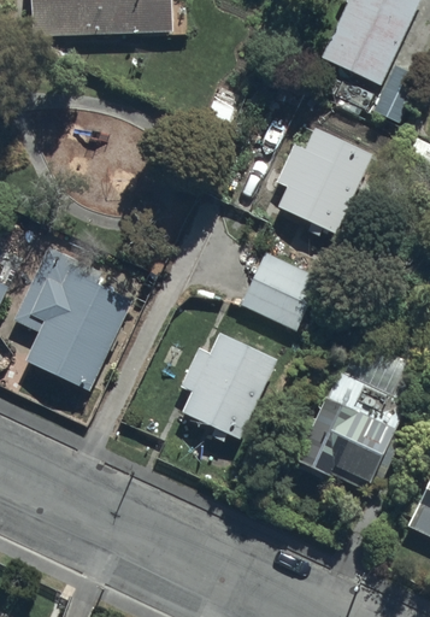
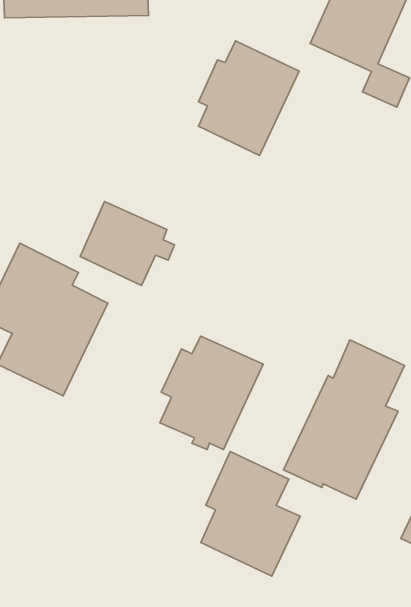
building: [277,127,372,235] -> [198,41,299,155]
building: [238,252,328,331] -> [80,202,175,286]
building: none -> [201,452,300,576]

